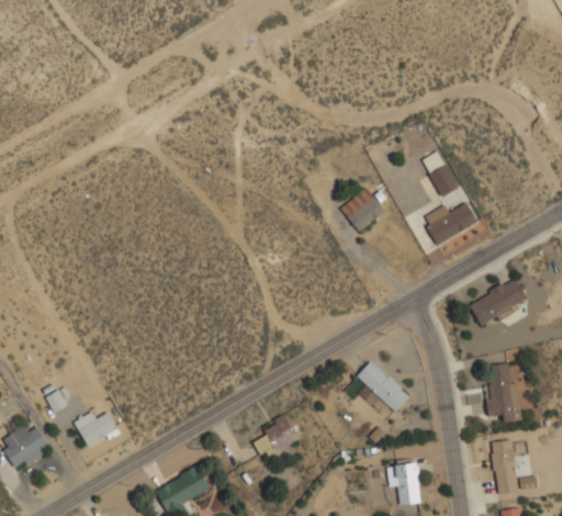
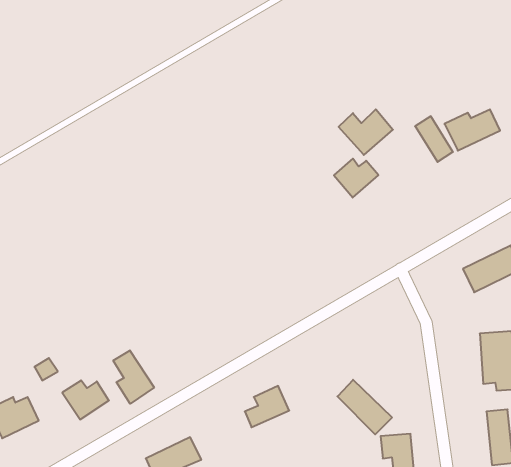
building: none -> [339,109,393,155]
building: [423,203,477,244] -> [444,109,500,151]
building: [357,359,411,413] -> [337,380,392,434]
building: none -> [113,350,154,404]

